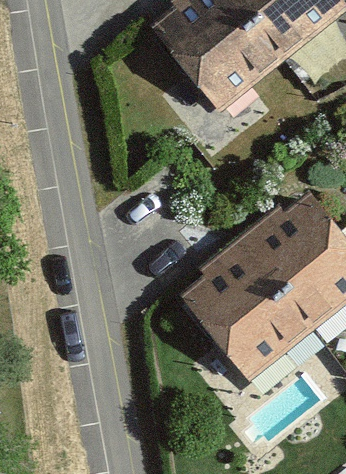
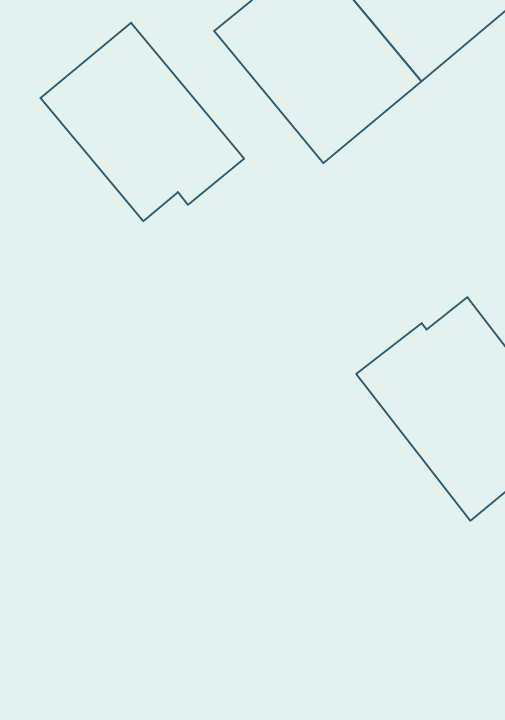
building: none -> [40,23,244,221]
building: [182,240,311,378] -> none

